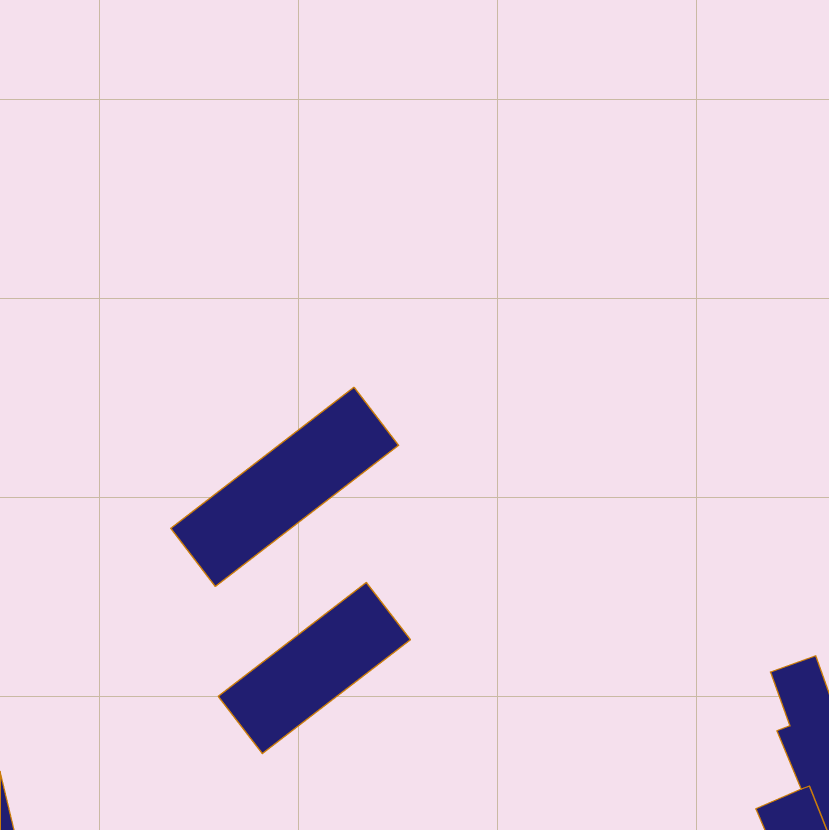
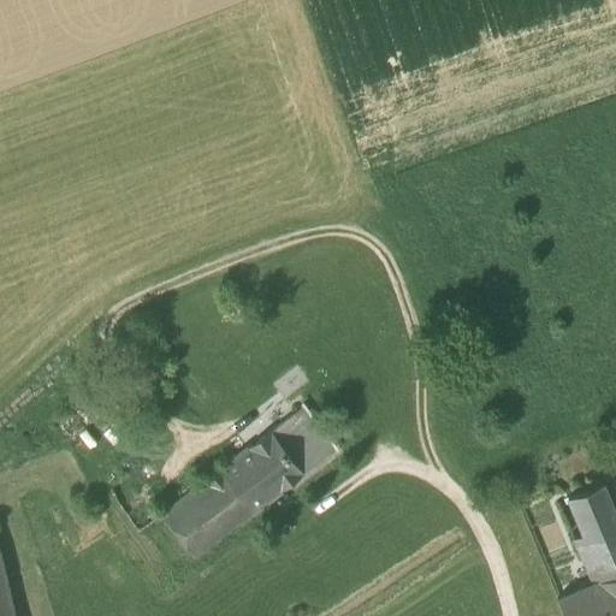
building: [171,387,399,586] -> none
building: none -> [273,411,332,474]

